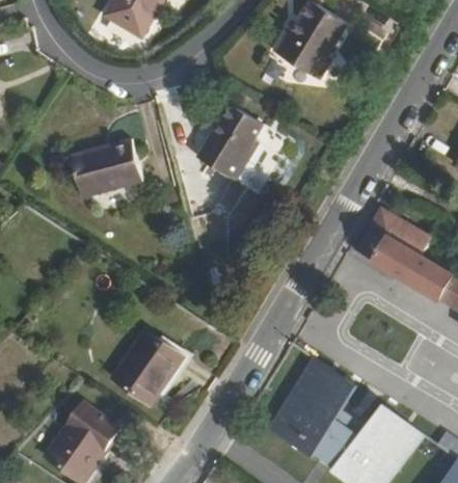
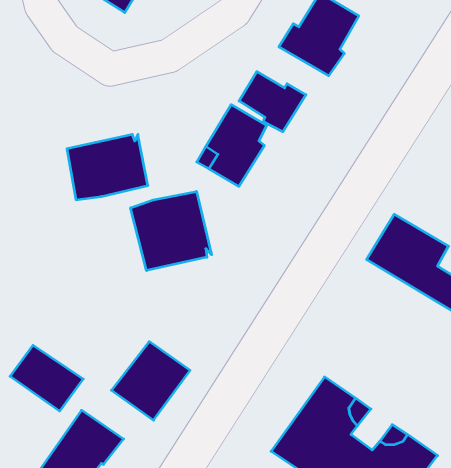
building: none -> [239,72,306,132]
building: none -> [131,191,212,271]
building: none -> [10,345,83,411]

